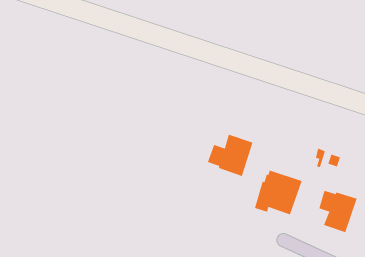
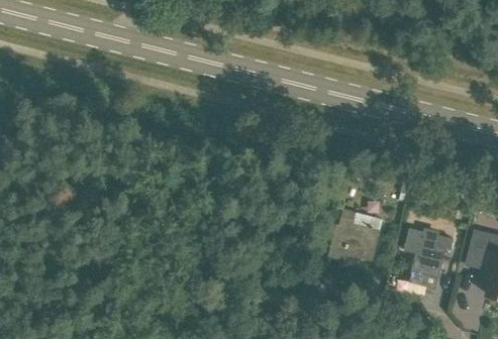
building: [207,134,253,177] -> none

